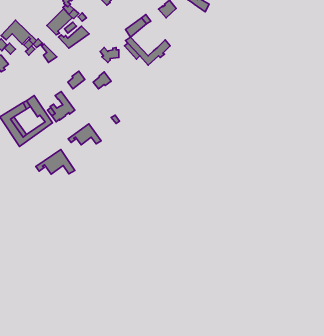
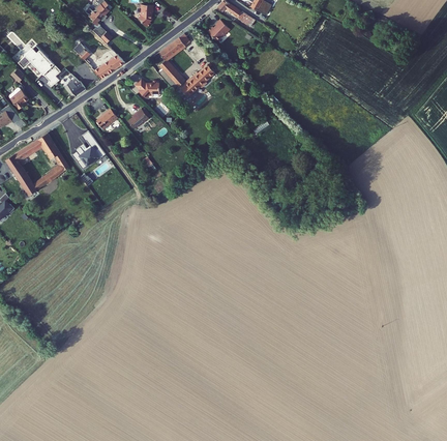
building: [68,124,101,145] -> none
building: [36,150,75,174] -> none

